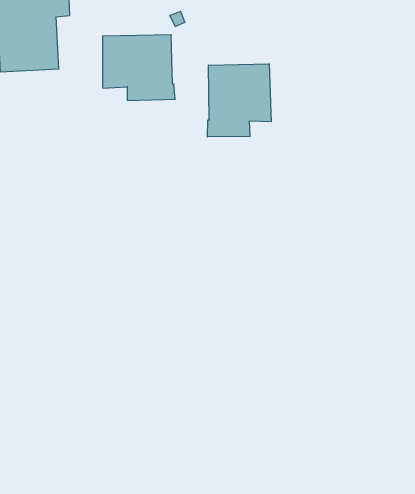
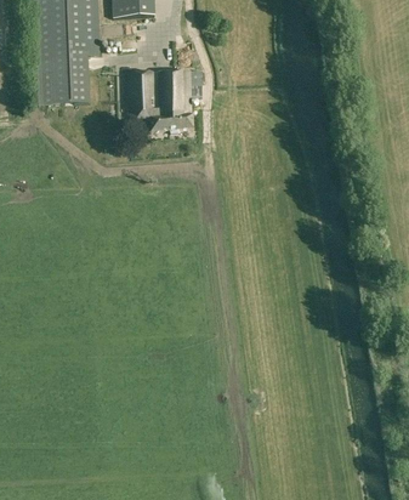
building: [207,64,271,137] -> none

